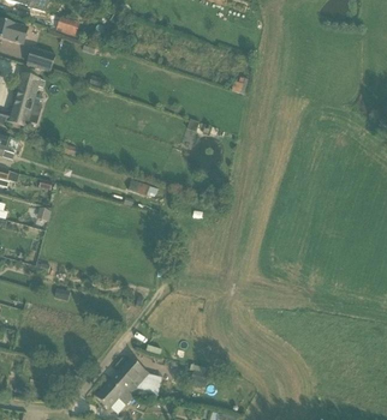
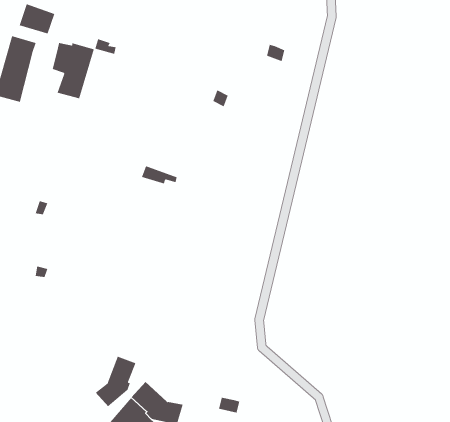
building: none -> [52,42,95,99]
building: none -> [95,356,136,407]

